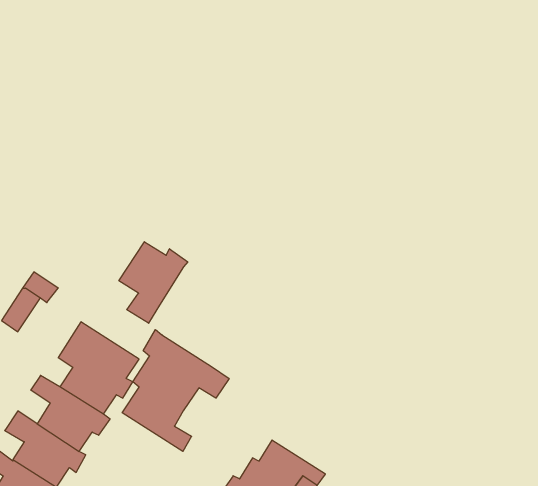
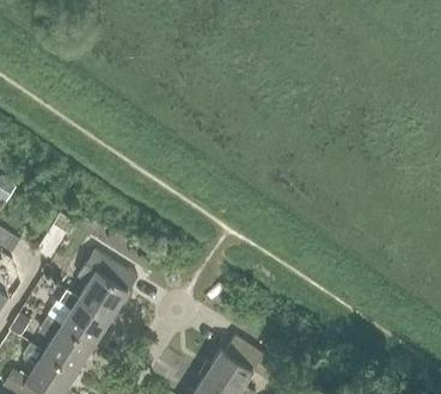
building: [119,242,188,323] -> none
building: [122,330,229,451] -> none

